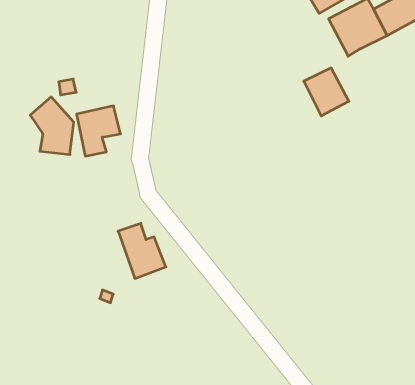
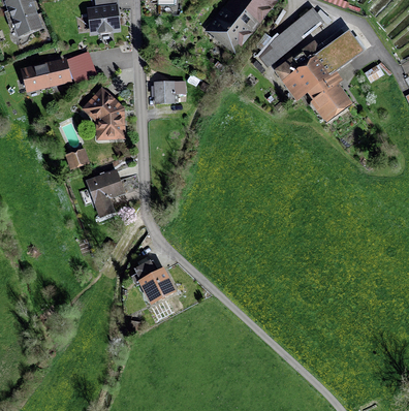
building: none -> [154,81,184,103]
building: [304,68,349,116] -> [307,76,346,117]
building: [30,97,74,155] -> [86,89,123,134]

